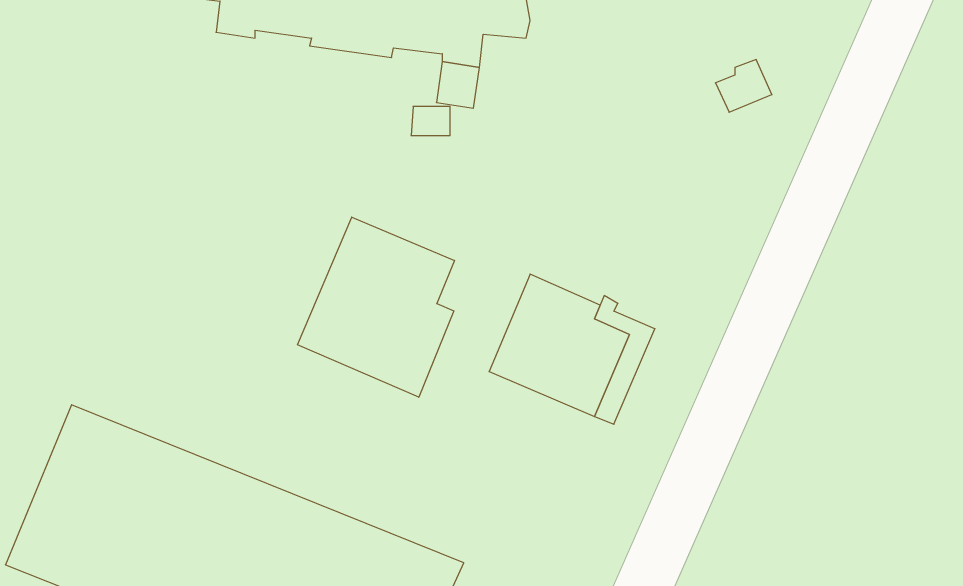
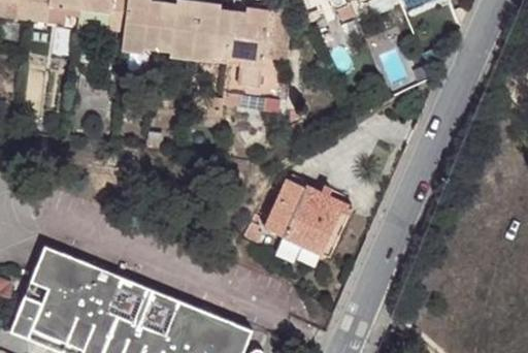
building: [297,217,454,397] -> none

